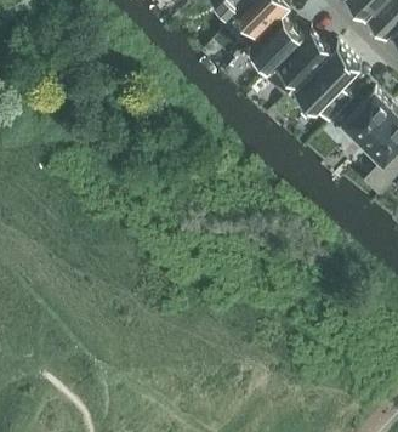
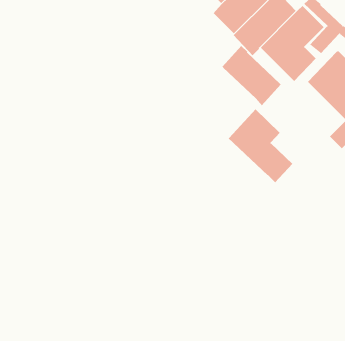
building: none -> [222,45,282,106]
building: none -> [227,108,293,183]

